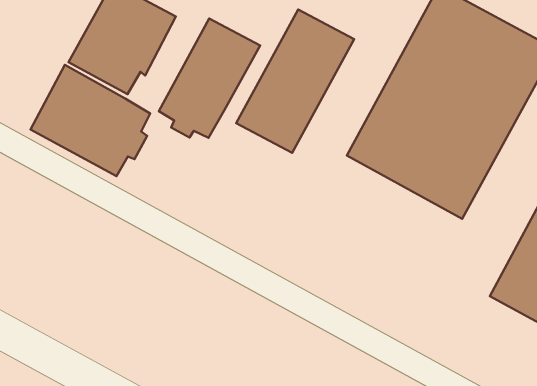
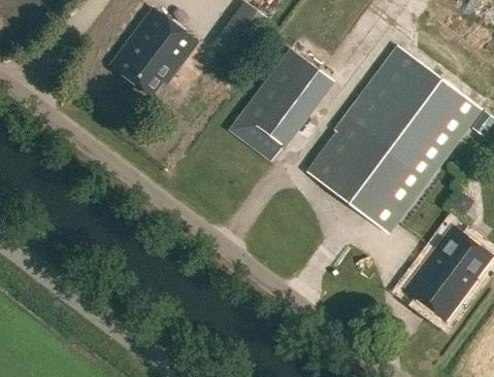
building: [159,19,260,138] -> none
building: [30,65,150,176] -> none

